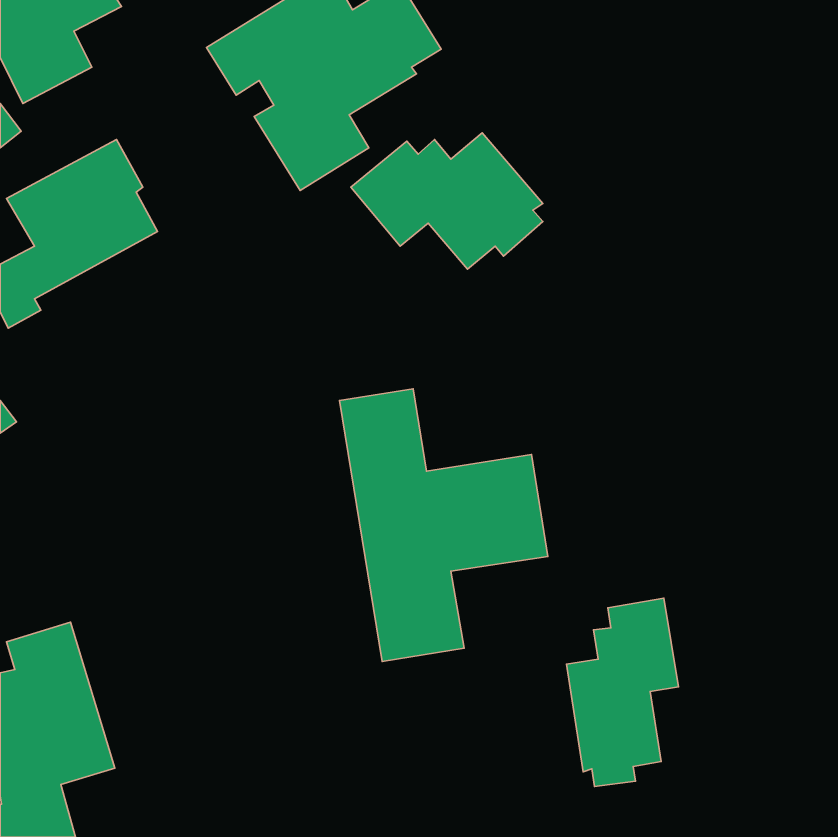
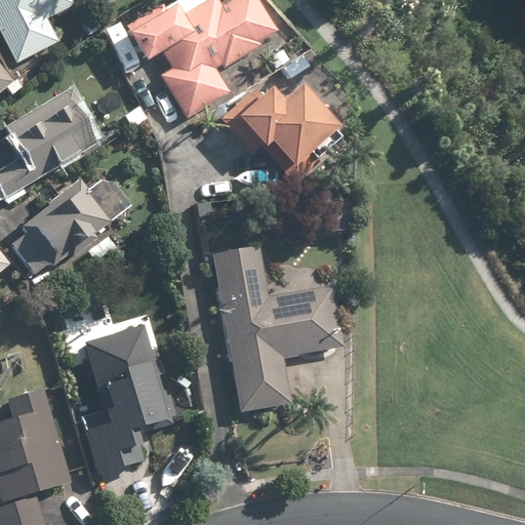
building: none -> [9,173,131,277]
building: none -> [79,325,169,474]
building: [567,598,678,786] -> none

